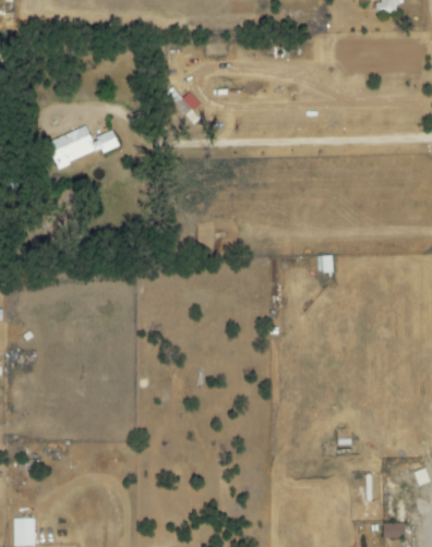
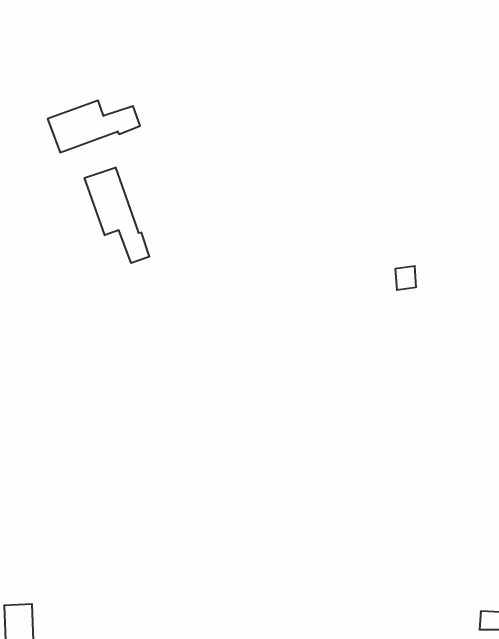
building: none -> [85,167,149,263]

